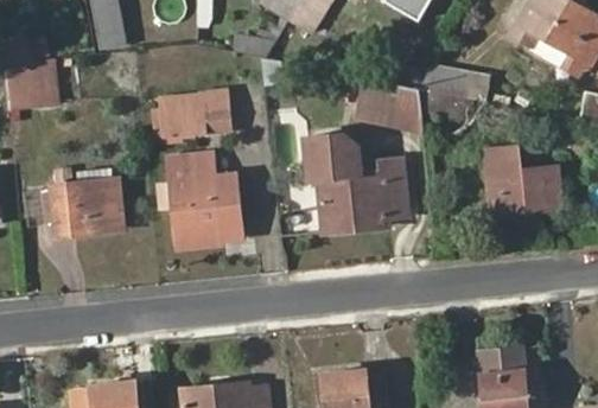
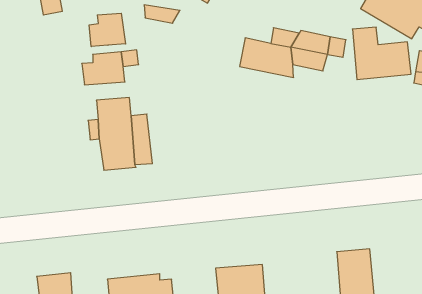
building: none -> [89,13,126,47]
building: [306,132,409,229] -> none
building: [486,148,562,216] -> [352,27,411,80]
building: [52,179,122,234] -> none

